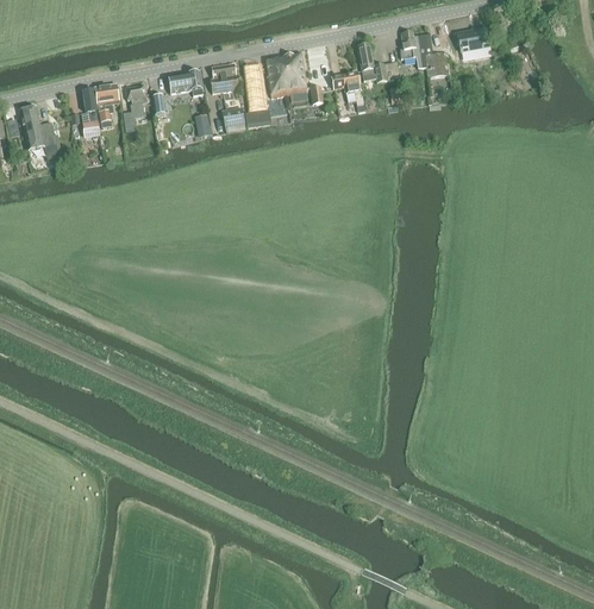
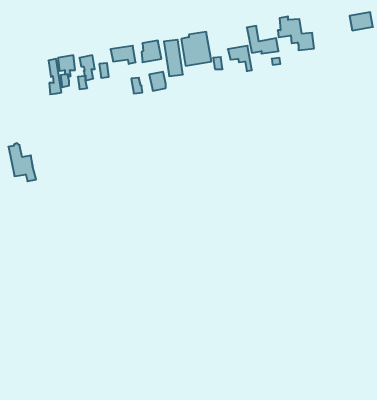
building: [457,27,489,52] -> [350,12,373,30]
building: [20,106,58,158] -> [8,143,36,181]

